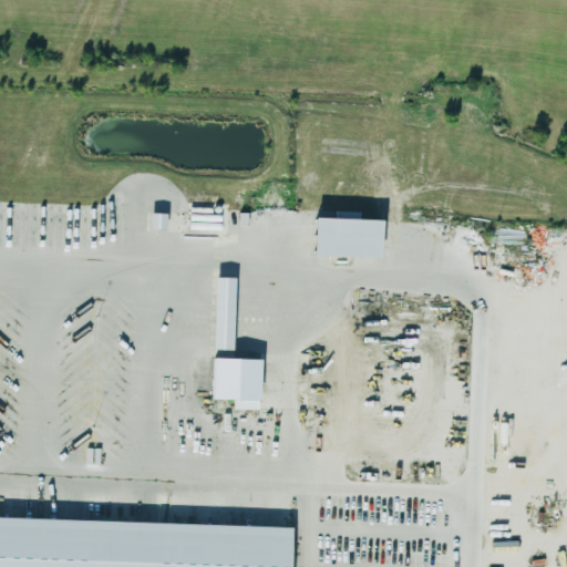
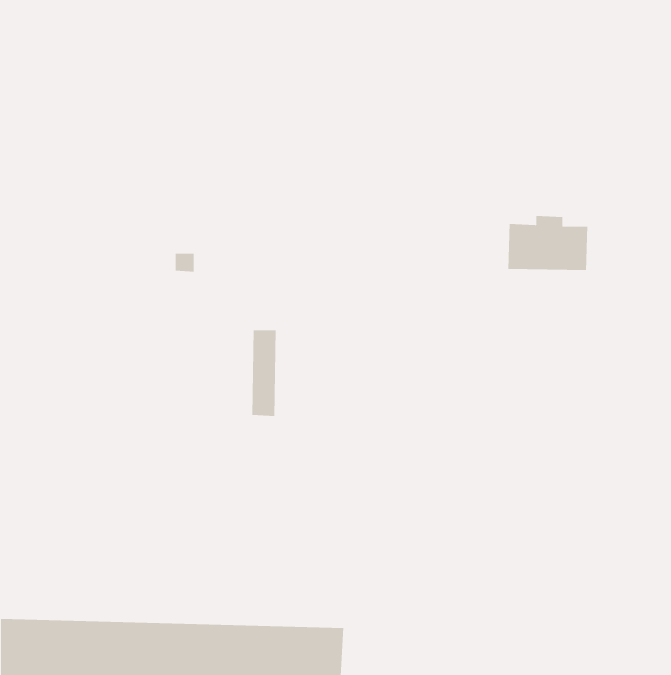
building: [315,210,382,257] -> [508,215,588,271]
building: [215,358,262,409] -> none

